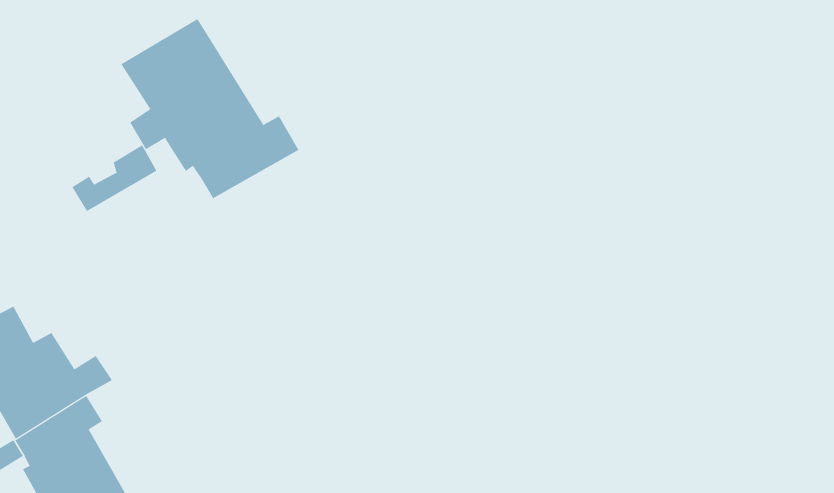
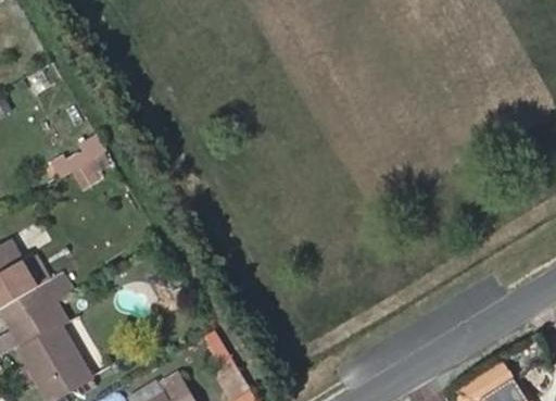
building: [121,18,299,200] -> none

